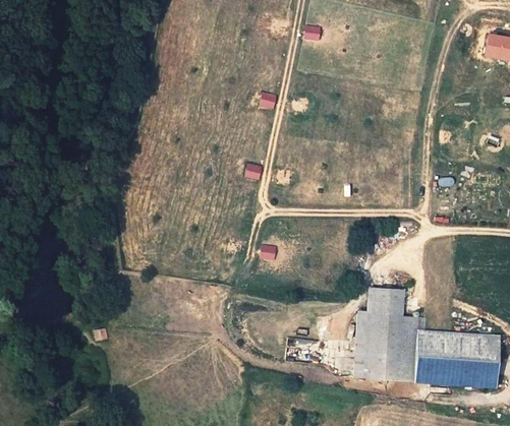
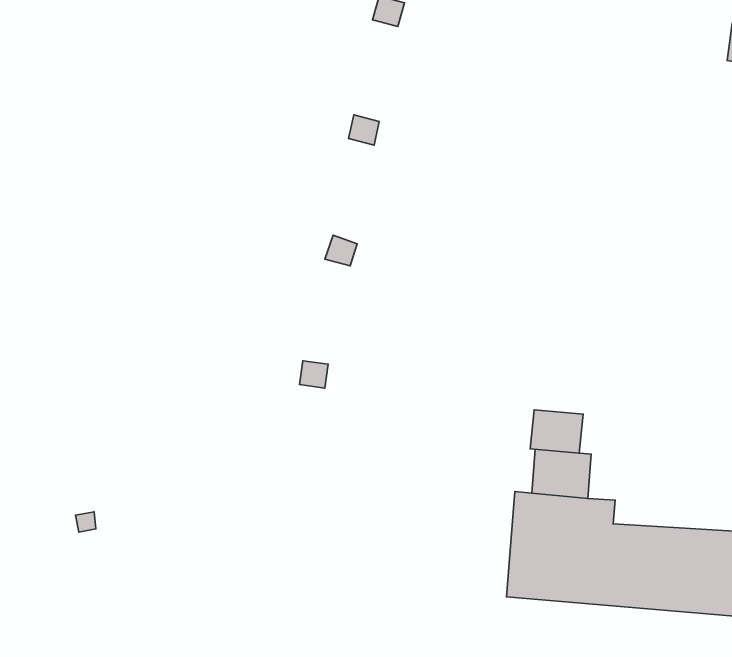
building: none -> [530,410,583,453]

